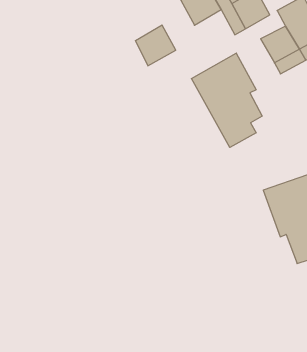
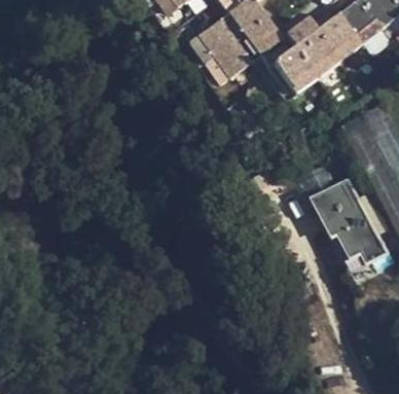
building: [135,25,176,66] -> [215,37,254,77]
building: [191,53,262,147] -> none

